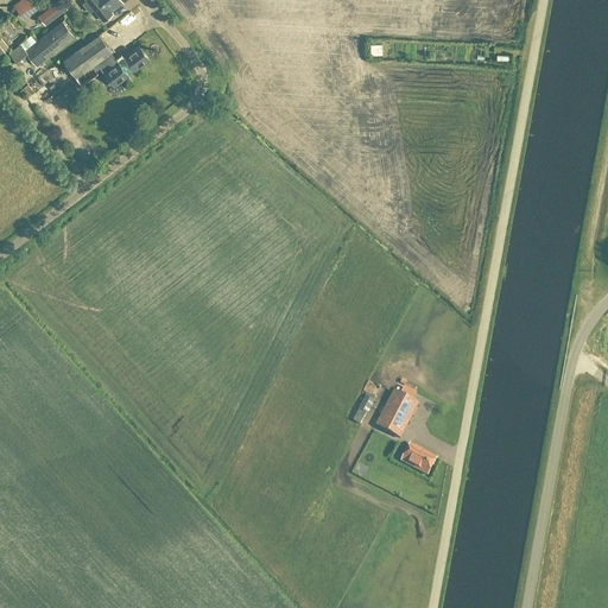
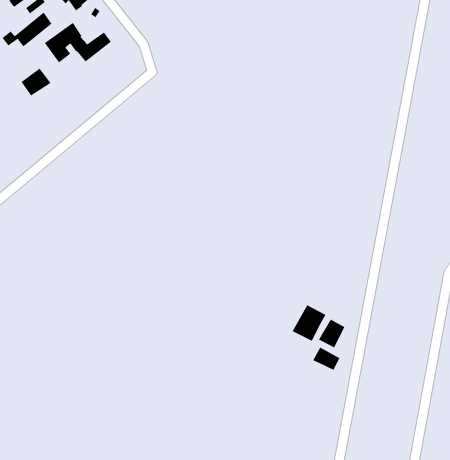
building: none -> [21,67,51,97]
building: none -> [318,318,346,349]

